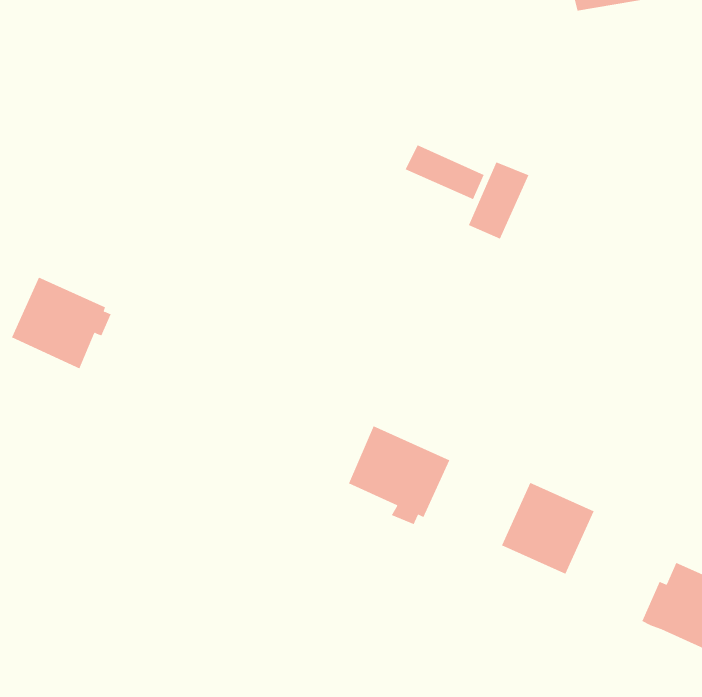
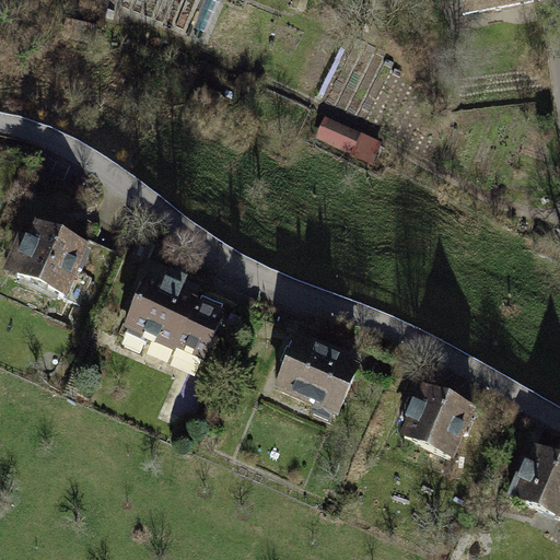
building: [468,161,529,240] -> none
building: none -> [125,268,224,362]

